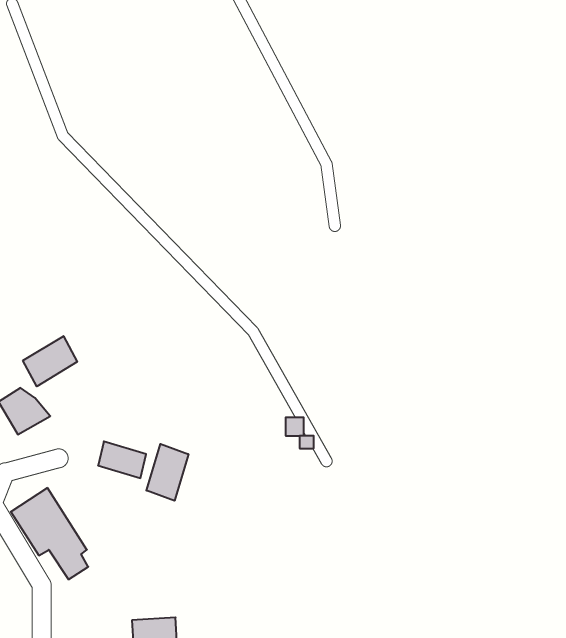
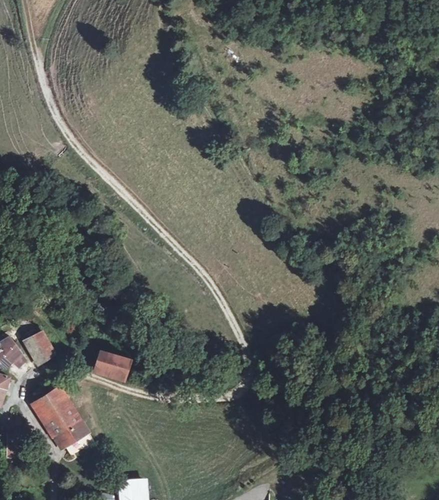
building: [23,336,77,386] -> none
building: [146,444,188,501] -> none

